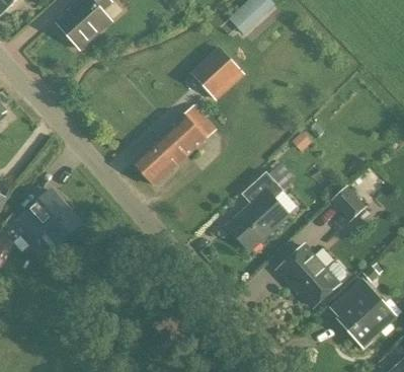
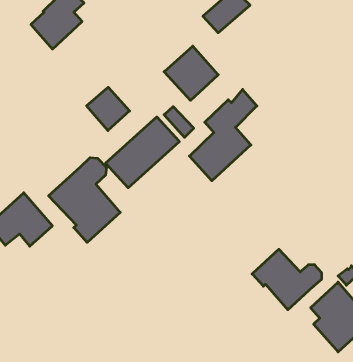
building: none -> [87,87,130,131]
building: none -> [49,158,120,242]
building: [227,161,294,251] -> [189,89,257,181]
building: [330,184,366,221] -> none

